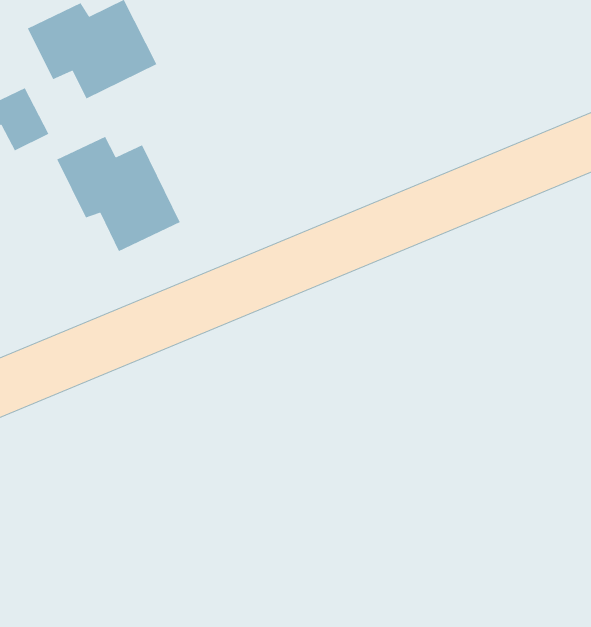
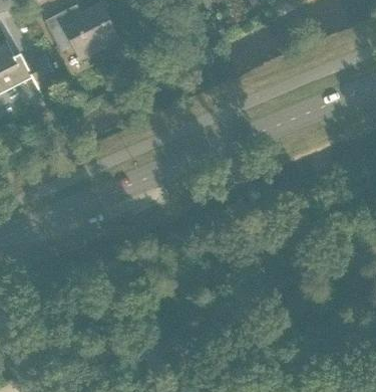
building: [56,136,181,252] -> none

